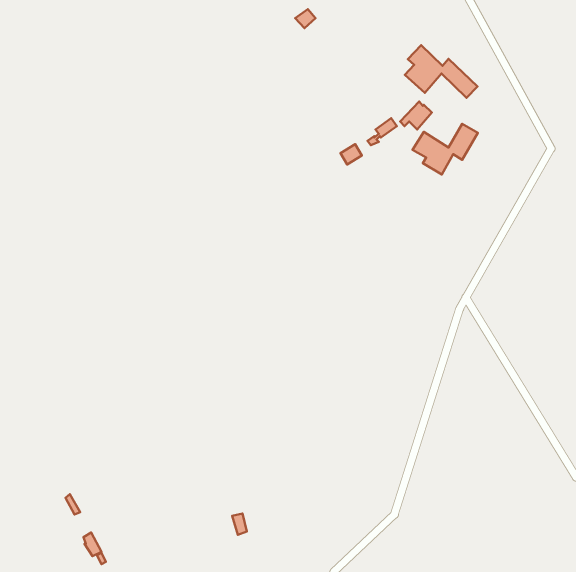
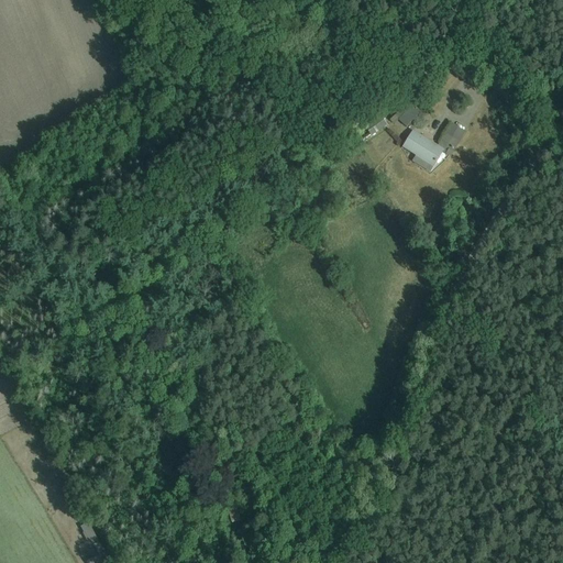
building: [405,45,478,98] -> none

